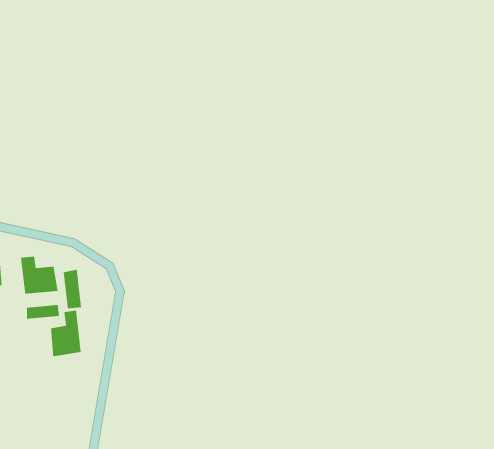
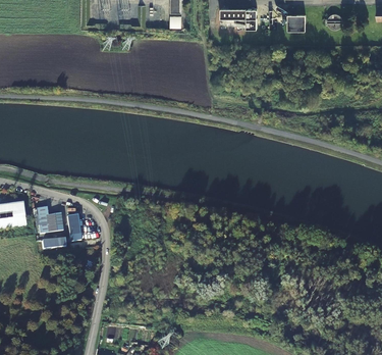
building: [51,310,81,357] -> none

